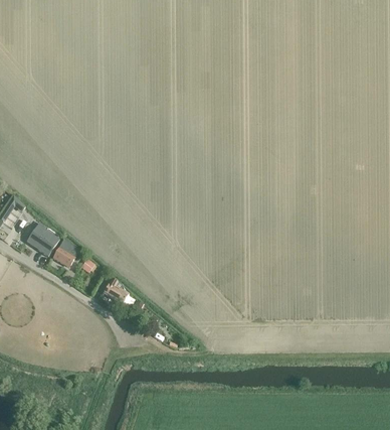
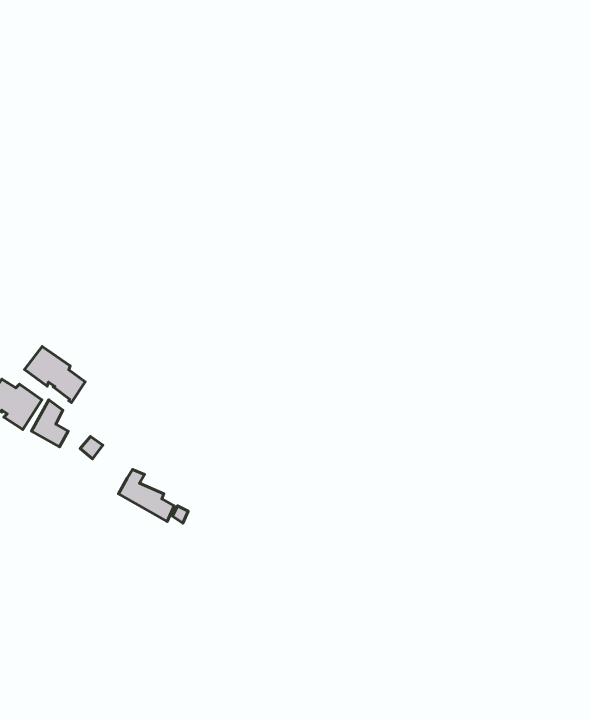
building: none -> [24,346,85,402]

